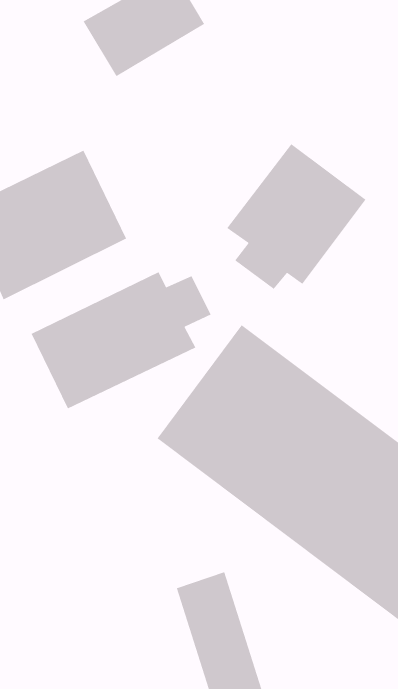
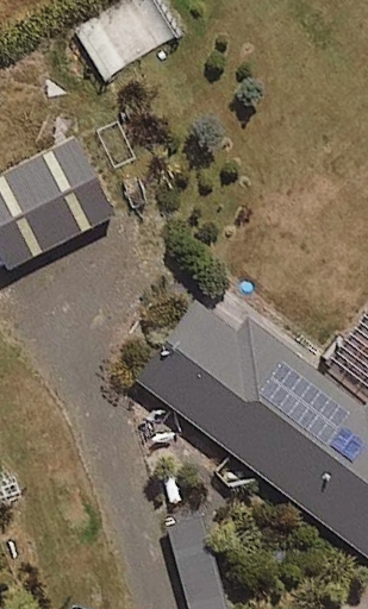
building: [226,143,366,290] -> none
building: [31,271,212,409] -> none

